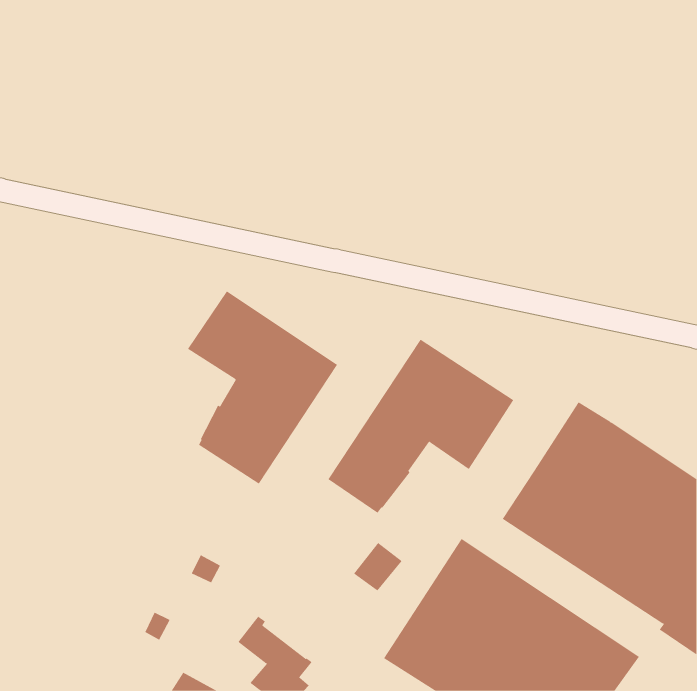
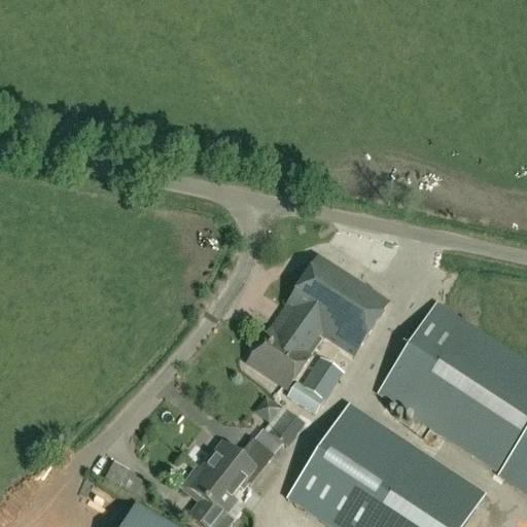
building: [187,290,338,485] -> none
building: none -> [286,354,344,413]
building: none -> [195,437,274,496]

